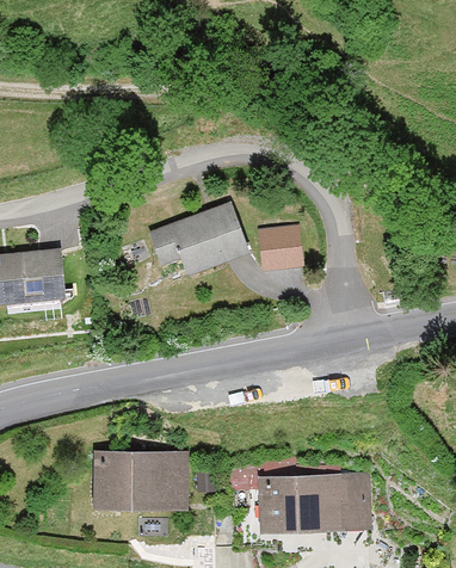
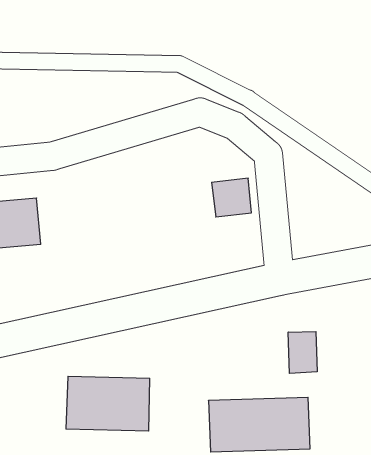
building: [148,200,249,274] -> none
building: none -> [288,332,317,373]

